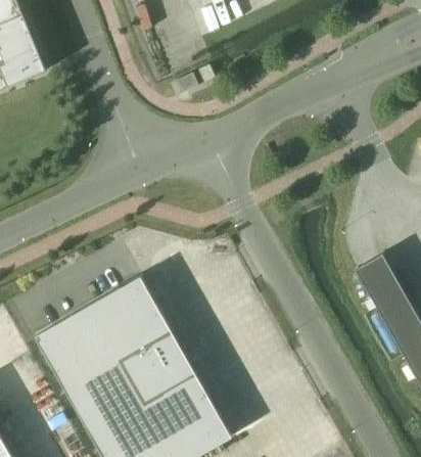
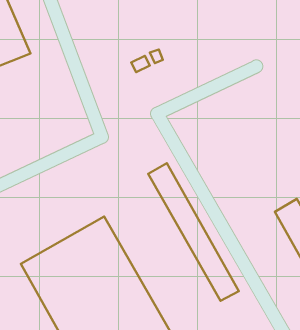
building: none -> [148,163,239,301]

